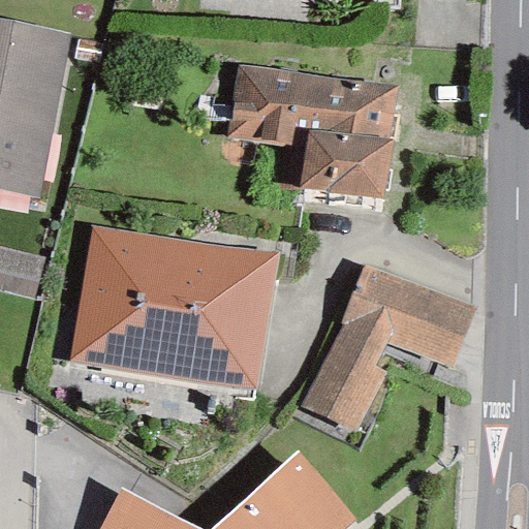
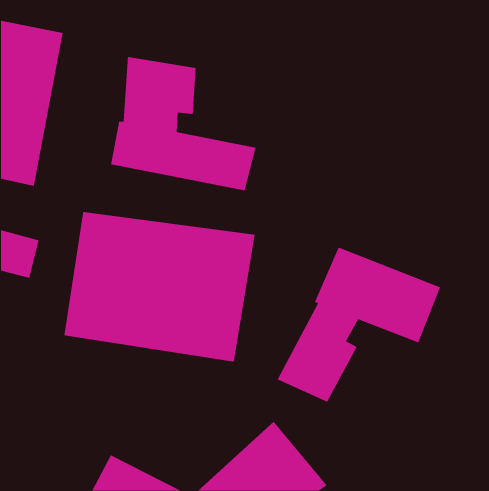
building: none -> [110,56,256,191]
building: [229,66,398,199] -> none

